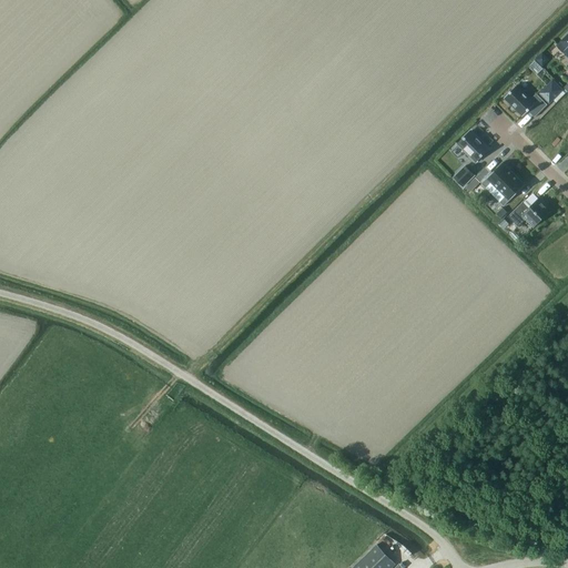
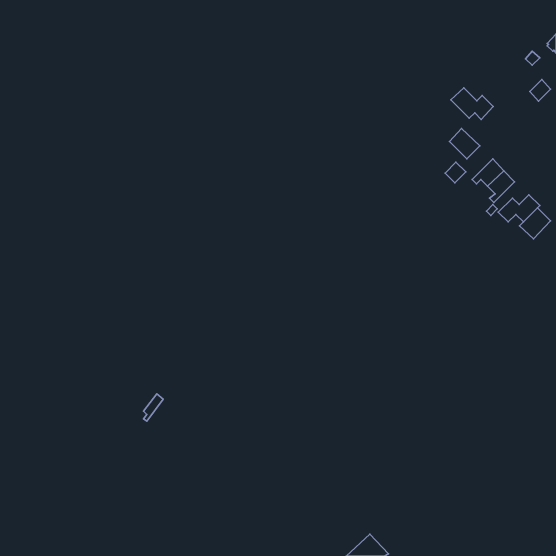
building: [504,85,547,118] -> [451,88,493,119]
building: none -> [520,208,550,239]

